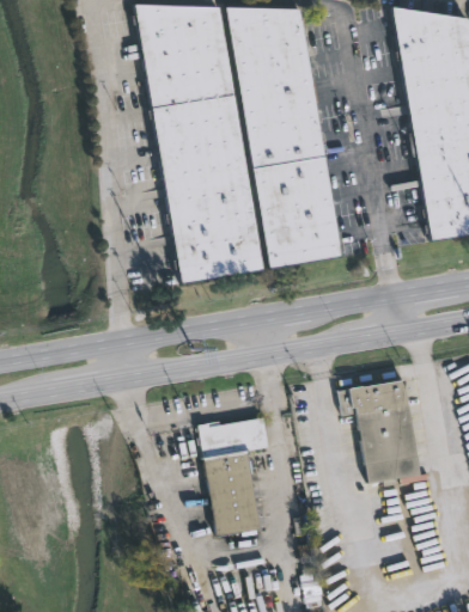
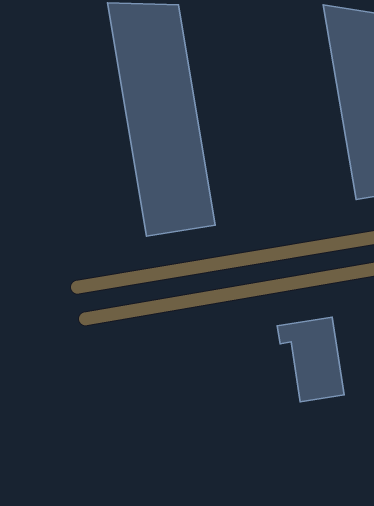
building: [226,7,341,270] -> none
building: [197,416,268,536] -> none

